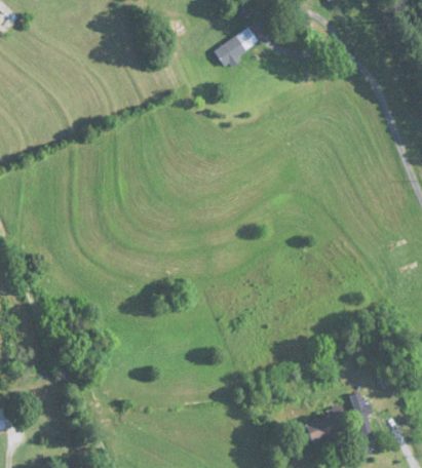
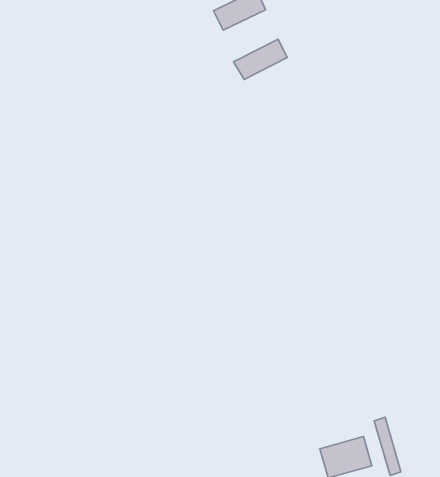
building: none -> [233,39,287,80]

